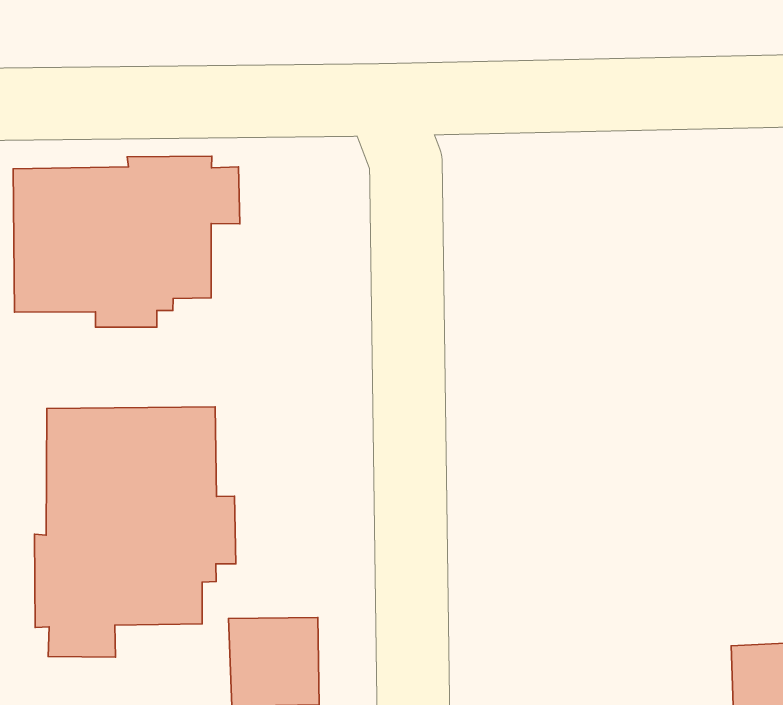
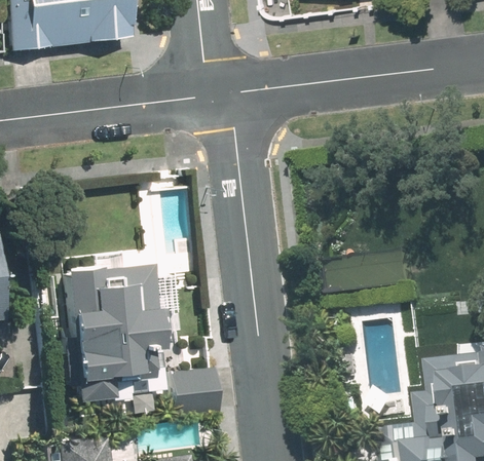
building: [13,156,240,327] -> none

